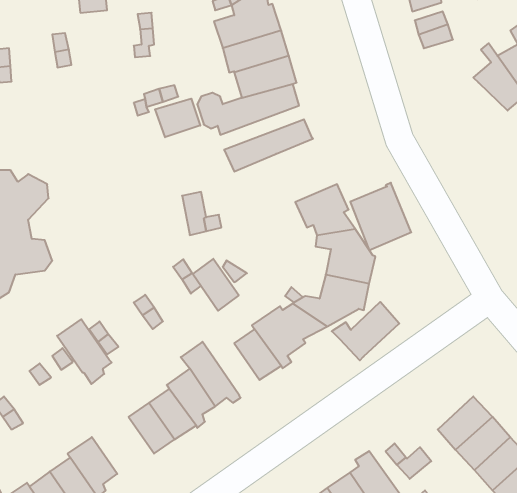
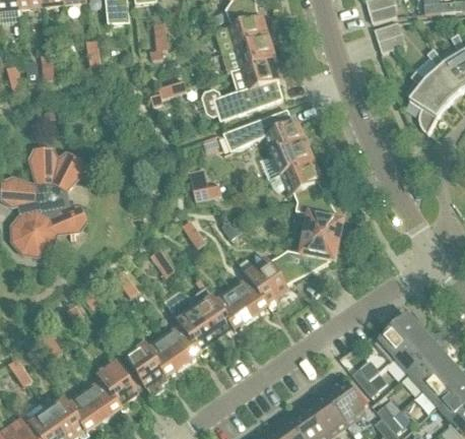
building: none -> [408,70,449,133]
building: [155,99,200,137] -> none
building: [350,183,411,250] -> [264,121,313,175]
building: [193,259,239,311] -> [214,288,251,329]
building: [332,302,399,360] -> [368,313,421,360]
building: [57,319,112,384] -> [125,343,169,395]

